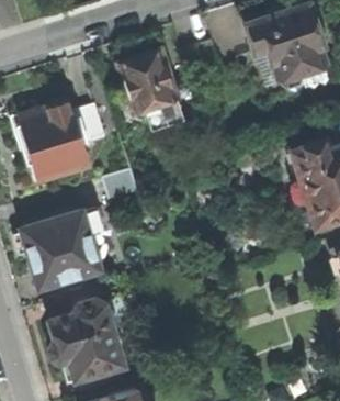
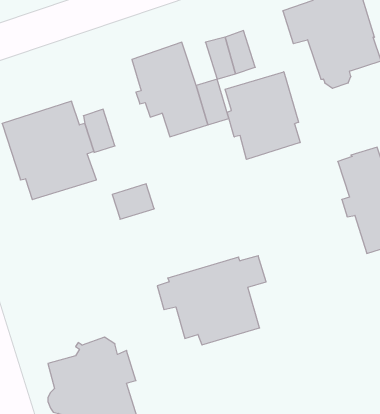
building: none -> [225,72,300,159]
building: [15,209,106,283] -> [157,256,266,345]

